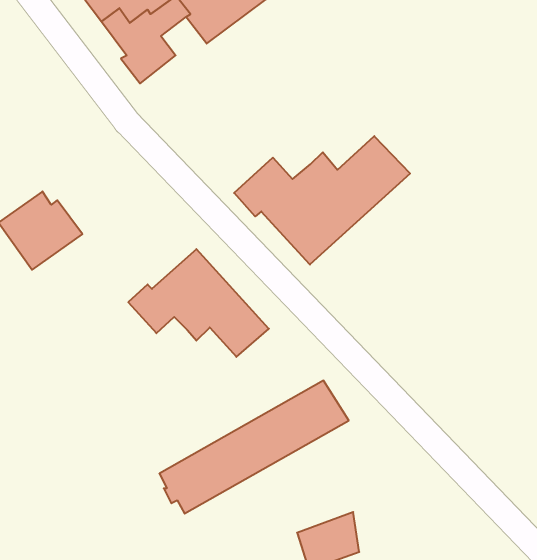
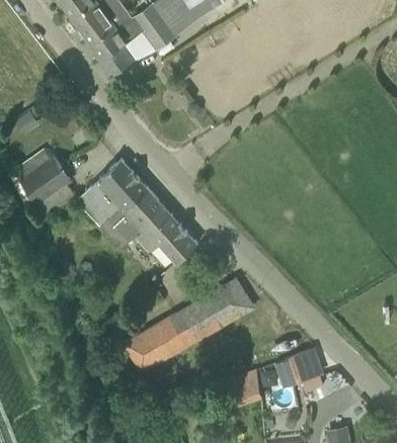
building: [234,136,410,265] -> none
building: none -> [78,159,149,226]
building: none -> [279,349,320,387]

